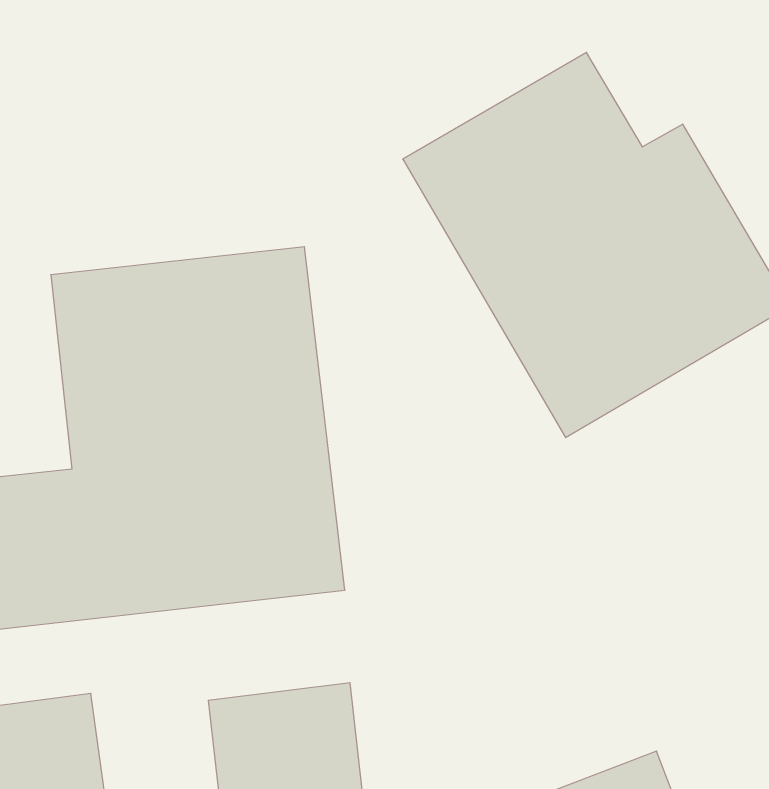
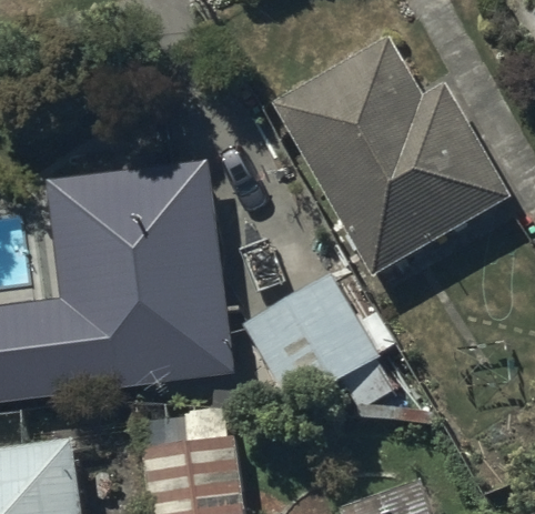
building: none -> [243,272,395,409]

